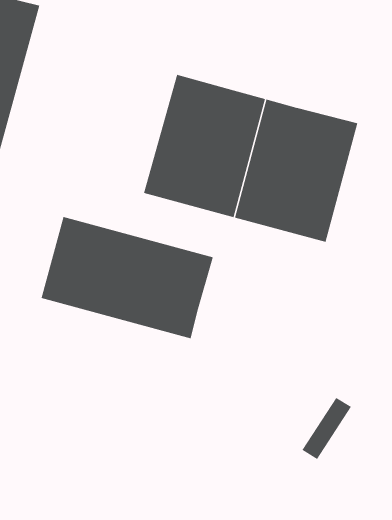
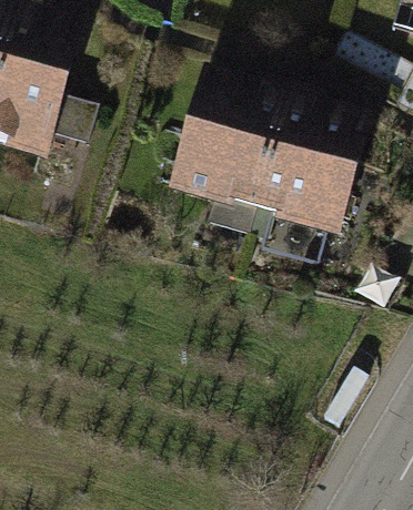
building: [41,216,213,339] -> none

